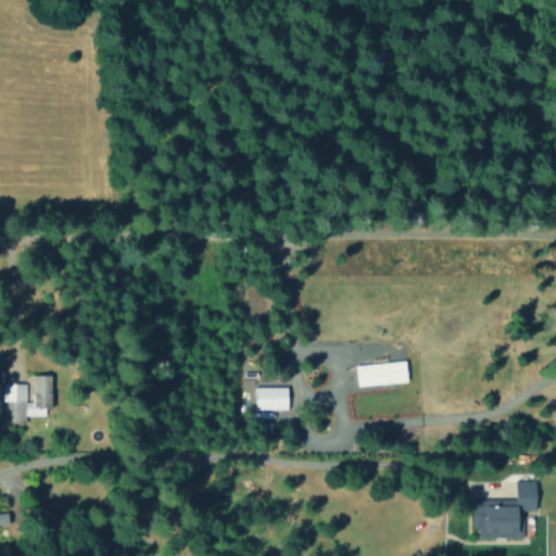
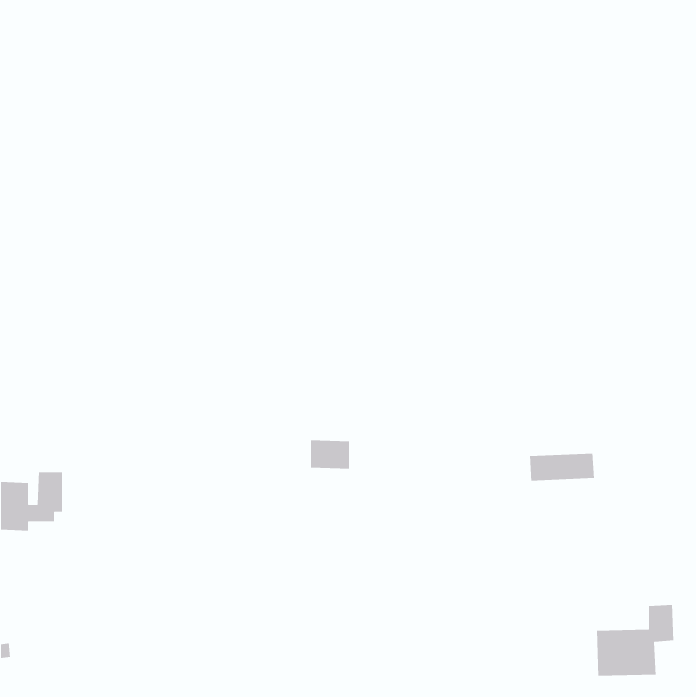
building: [356,363,408,386] -> [529,453,595,481]
building: [256,387,288,410] -> [310,439,350,470]

